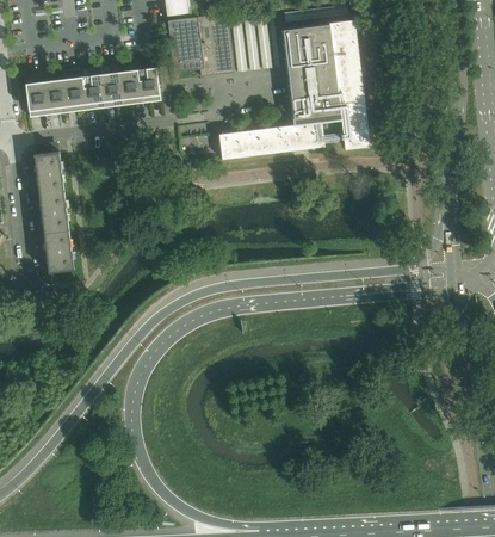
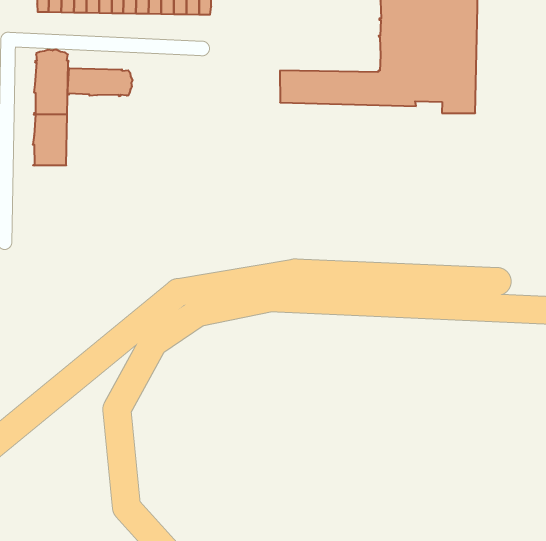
building: none -> [68,68,133,96]
building: [43,229,74,272] -> none

